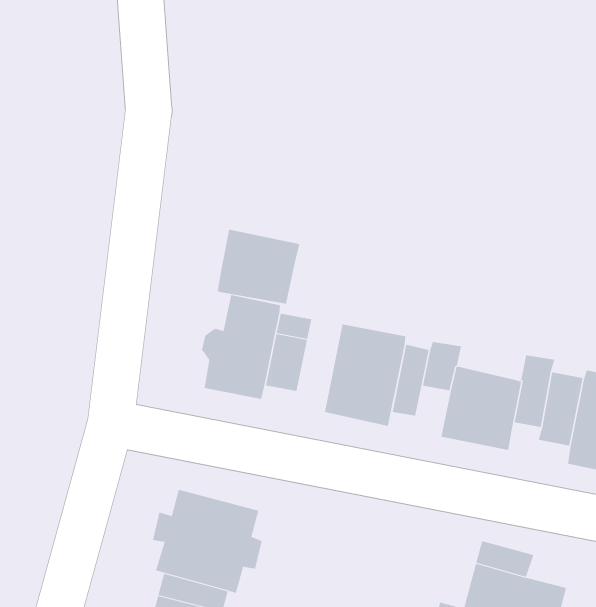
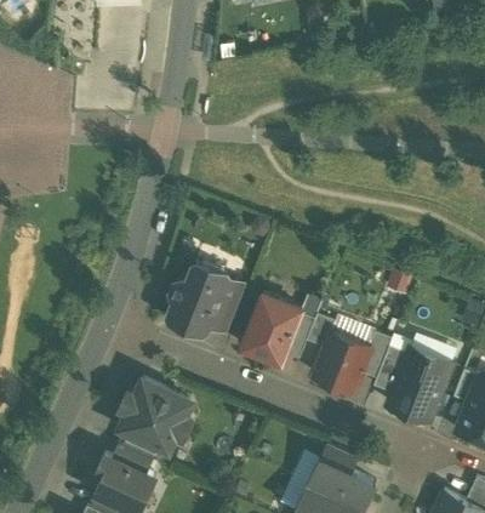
building: [217,229,300,305] -> none

